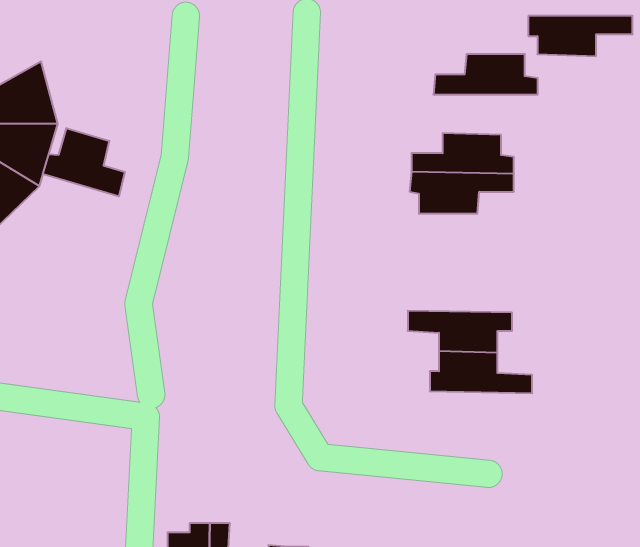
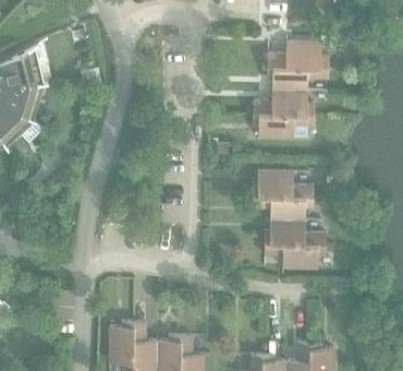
building: [528,16,633,56] -> [267,68,329,92]
building: [43,128,125,196] -> none
building: none -> [252,172,314,198]
building: none -> [264,244,326,270]

